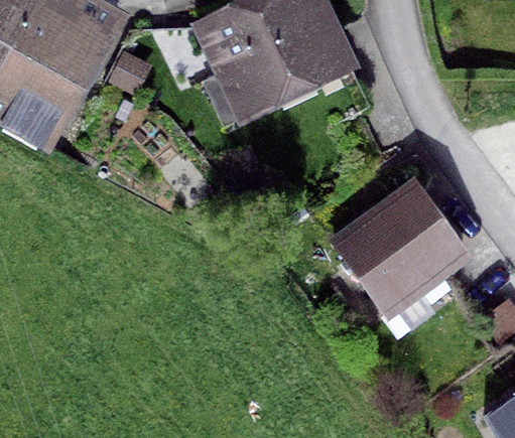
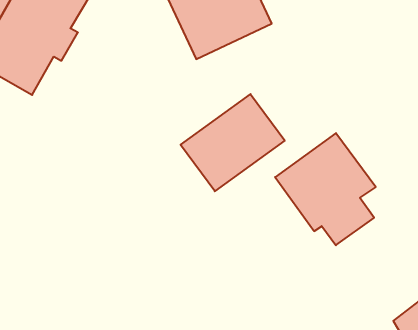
building: none -> [181,94,285,191]

